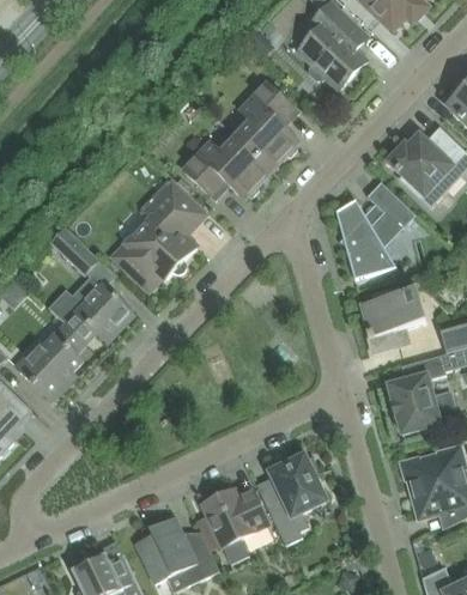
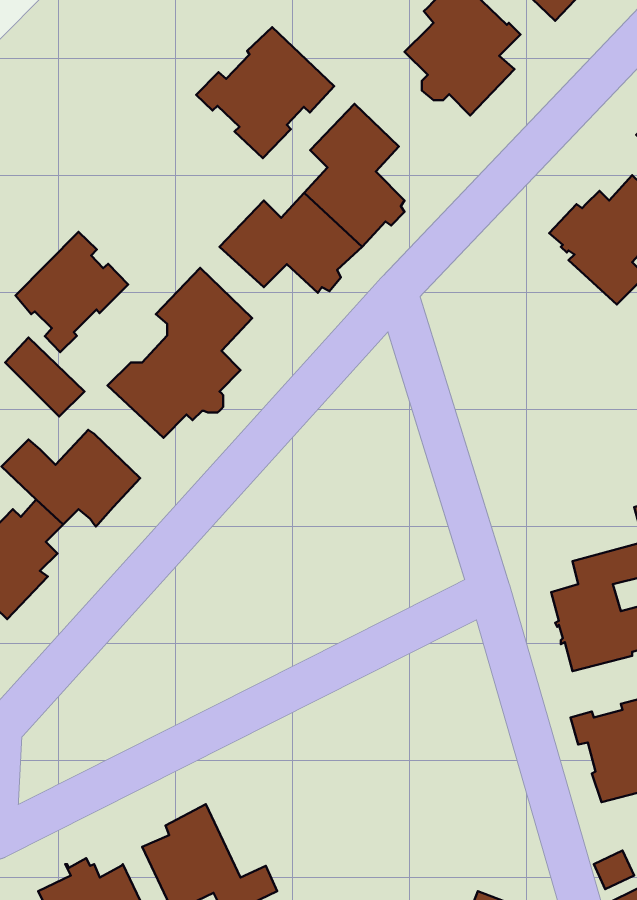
building: none -> [196,27,334,158]
building: none -> [15,232,128,352]
building: [338,182,416,278] -> none
building: [362,287,426,353] -> none
building: [268,455,326,545] -> none
building: [201,488,269,564] -> none

